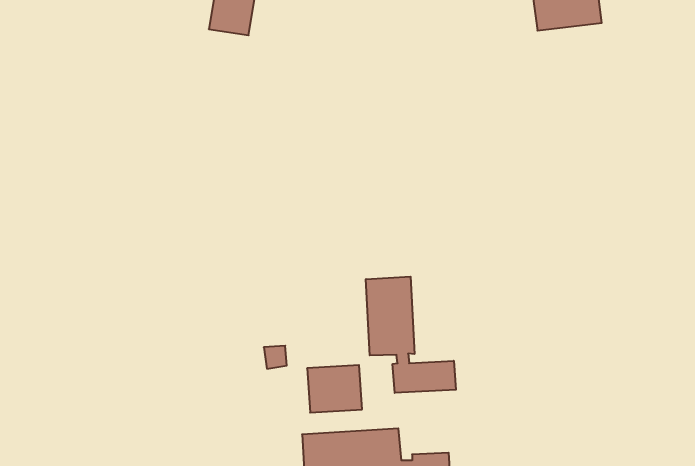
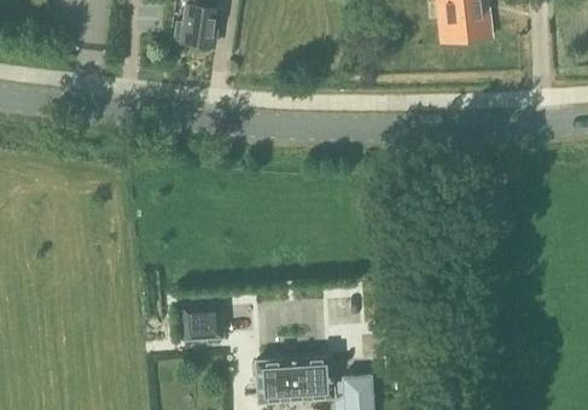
building: [366,277,456,393] -> none
building: [307,365,362,413] -> [180,304,223,341]

